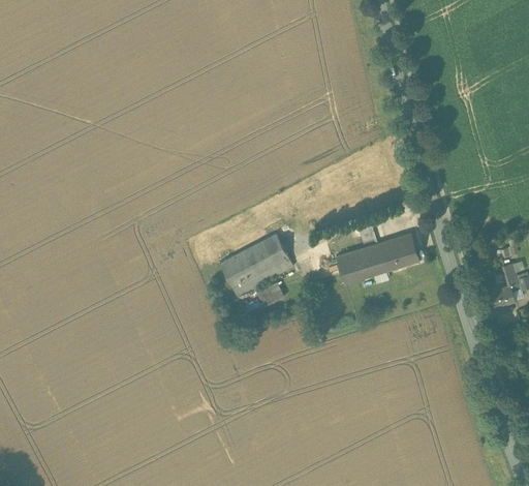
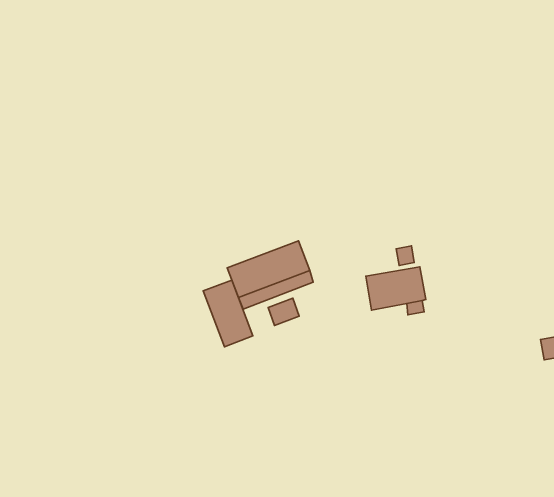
building: [380,234,418,270] -> none
building: none -> [203,280,253,347]

